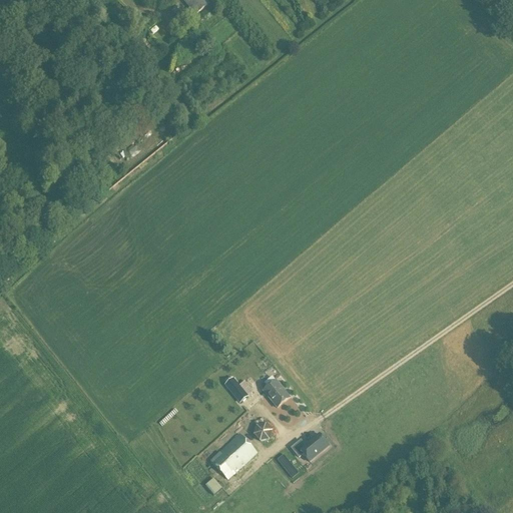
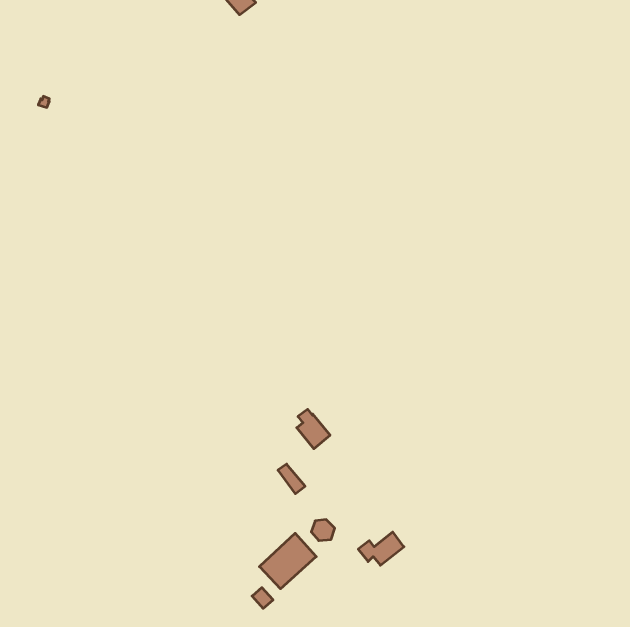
building: [263,375,290,407] -> [297,409,330,449]

